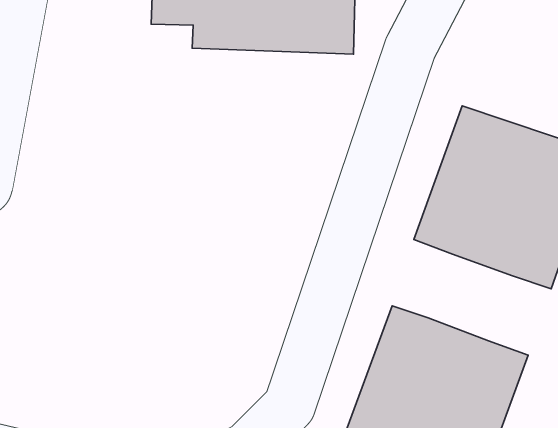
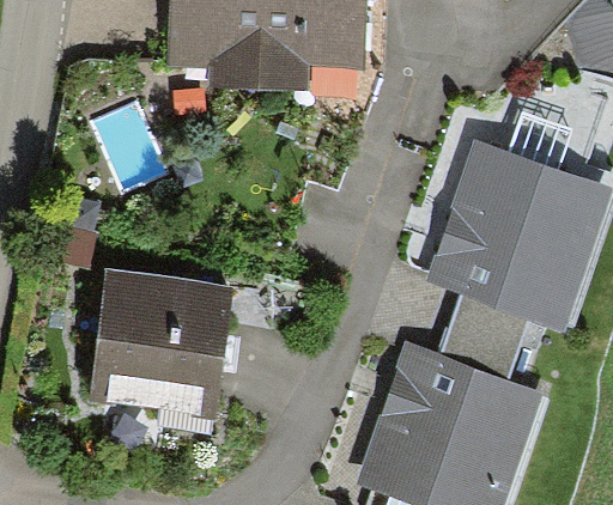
building: none -> [95,274,227,410]
building: none -> [443,292,527,378]

